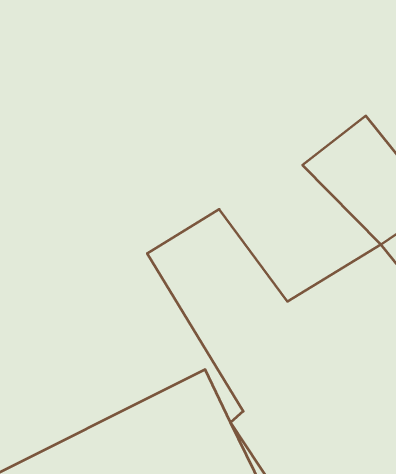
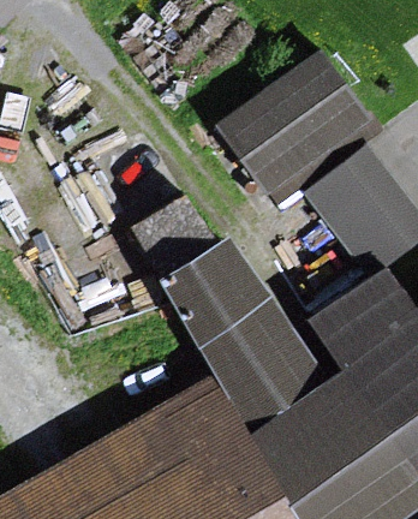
building: none -> [215,58,377,208]

